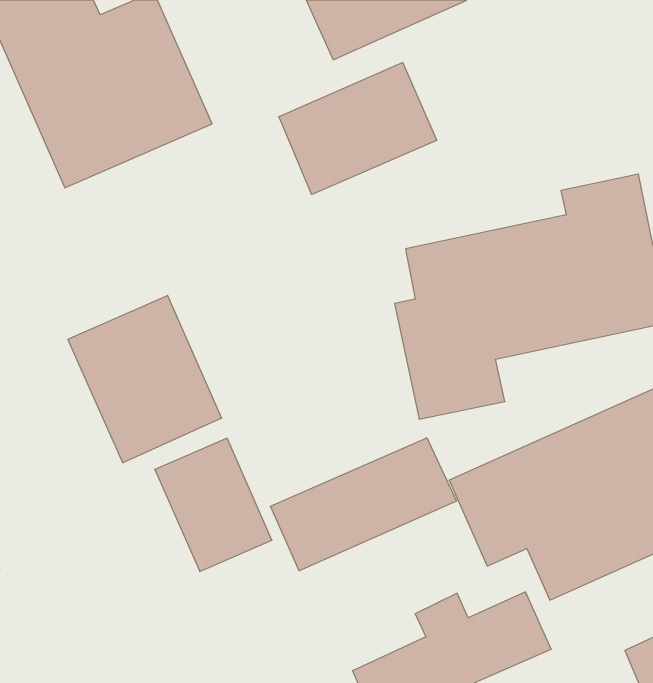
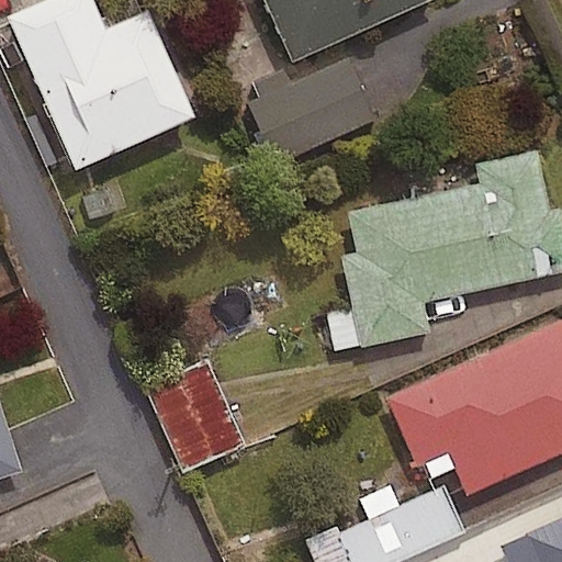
building: [68,295,222,463] -> none
building: [271,438,456,571] -> none

